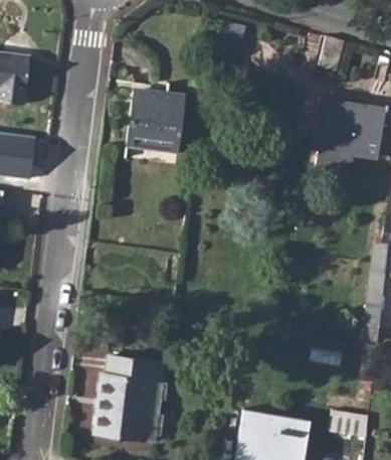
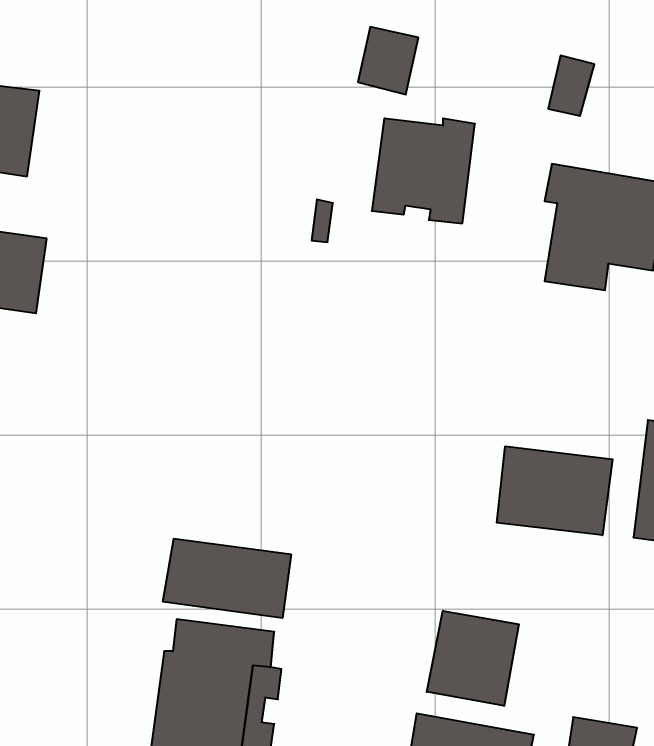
building: [126,91,184,150] -> [372,118,475,223]
building: none -> [497,446,613,535]
building: none -> [163,539,291,618]
building: none -> [427,611,519,706]

